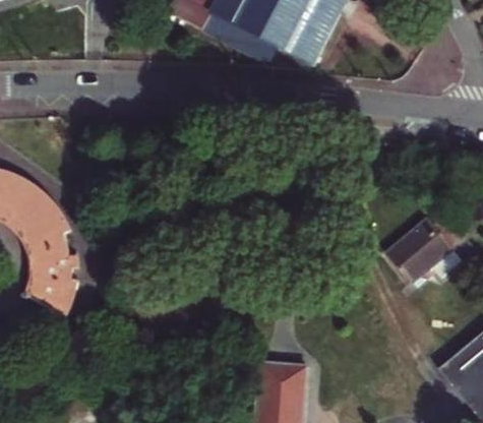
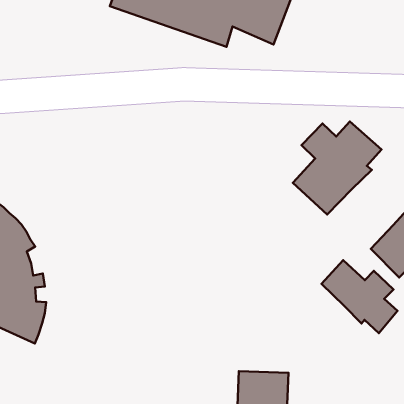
building: none -> [293,122,382,214]
building: none -> [322,260,398,333]

